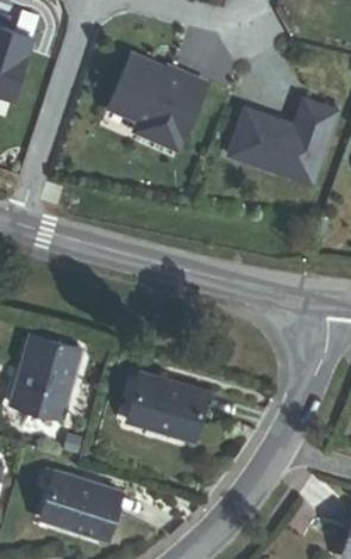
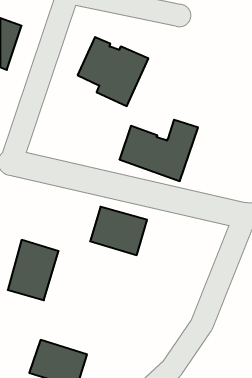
building: [228,99,337,184] -> [119,120,198,181]
building: [126,373,205,440] -> [90,207,147,255]

